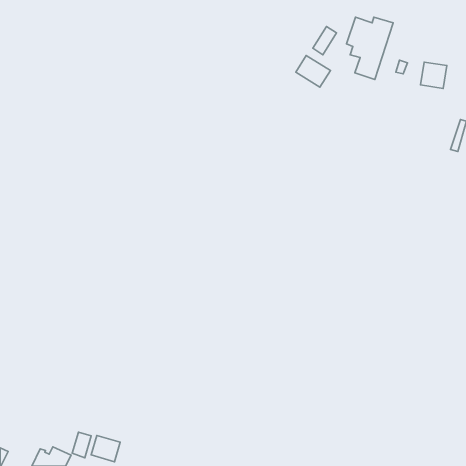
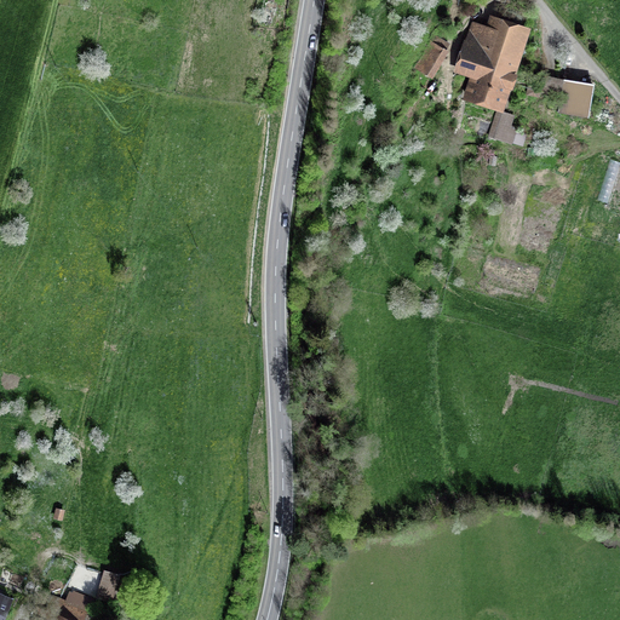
building: [296,55,330,87] -> none
building: none -> [489,110,516,142]
building: [91,435,120,462] -> none

